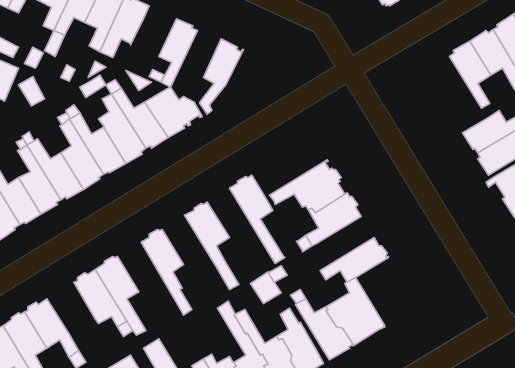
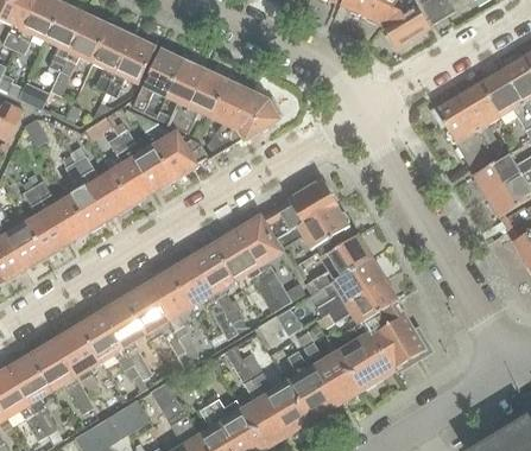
building: none -> [132,46,183,110]
building: none -> [177,70,228,132]
building: none -> [216,89,280,151]
building: none -> [432,96,494,169]
building: none -> [264,178,335,236]
building: none -> [214,229,283,312]
building: none -> [169,256,236,337]
building: none -> [316,258,383,316]
building: none -> [124,284,188,358]
building: none -> [364,299,428,368]
building: none -> [52,324,101,390]

